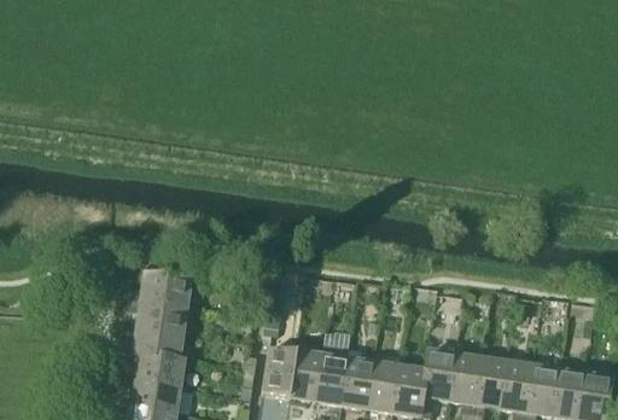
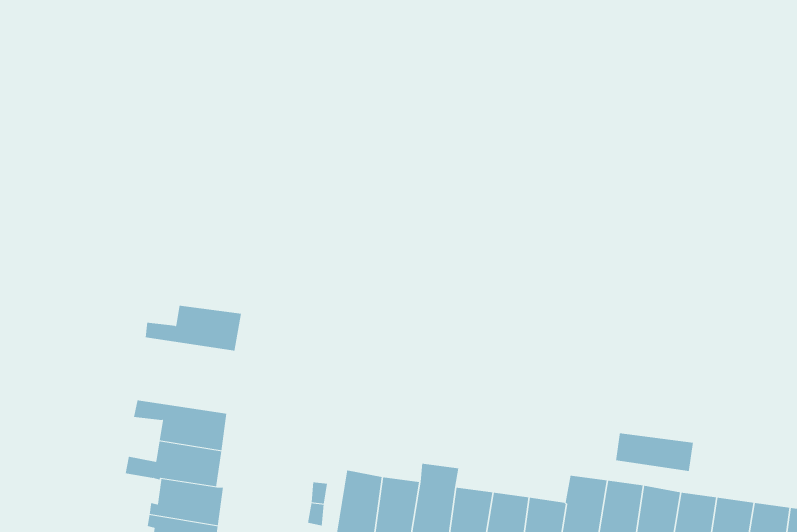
building: [123,274,192,307] -> [145,305,242,351]
building: none -> [615,433,694,472]

